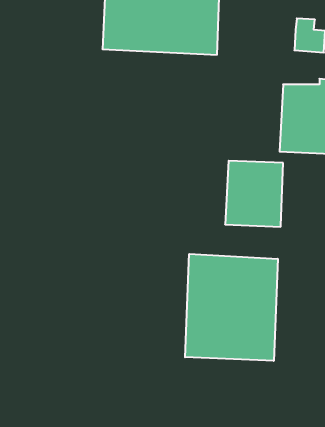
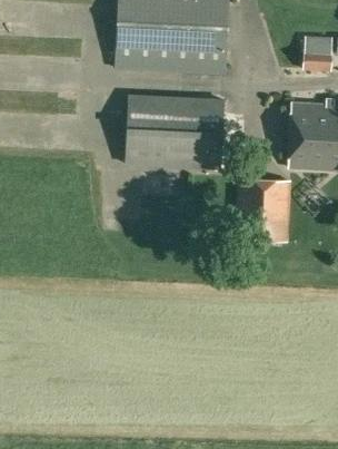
building: none -> [125,94,225,168]
building: [185,254,278,361] -> none

